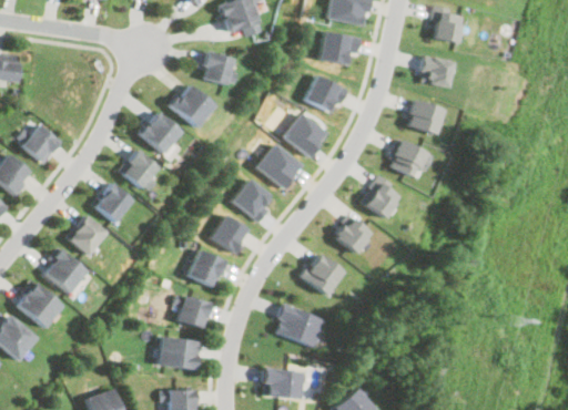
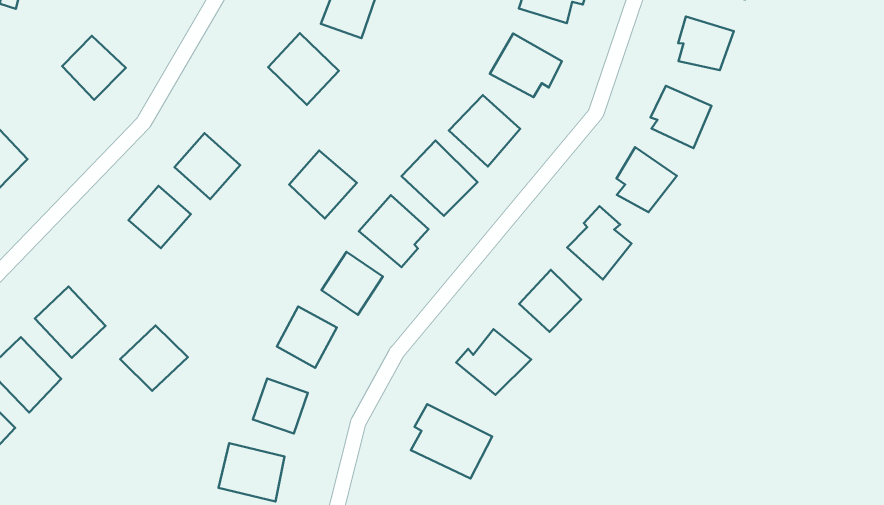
building: [140,113,181,154] -> [289,151,357,218]
building: [19,125,58,164] -> [62,36,126,100]
building: [64,215,105,255] -> [120,325,188,391]

